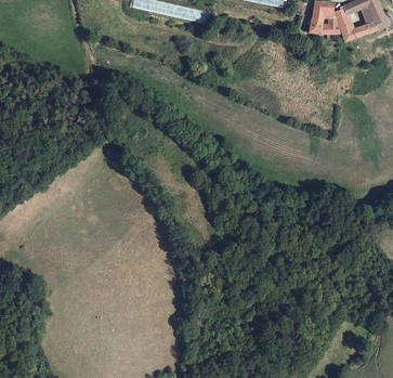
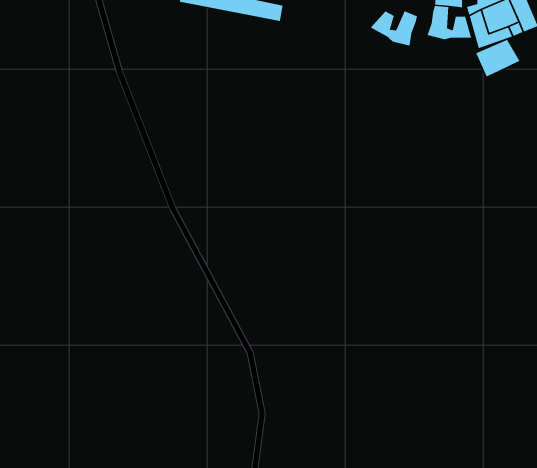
building: none -> [370,10,418,47]
building: none -> [475,39,521,77]

